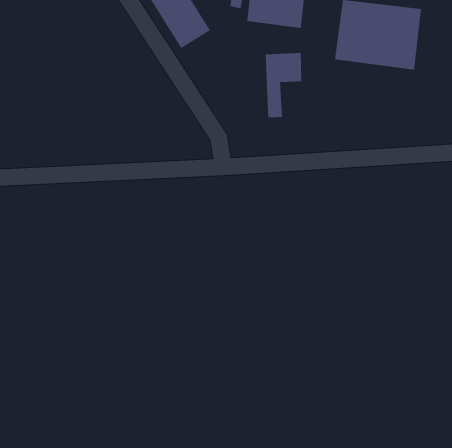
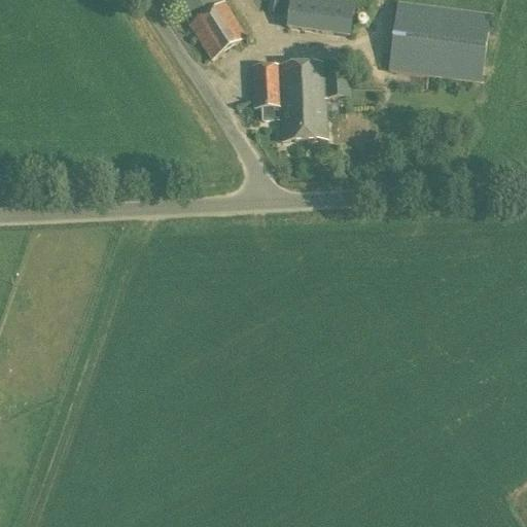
building: none -> [253,63,311,138]

